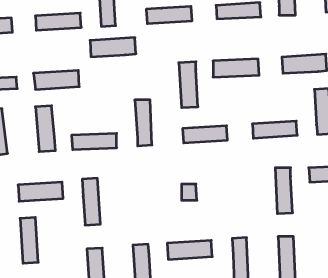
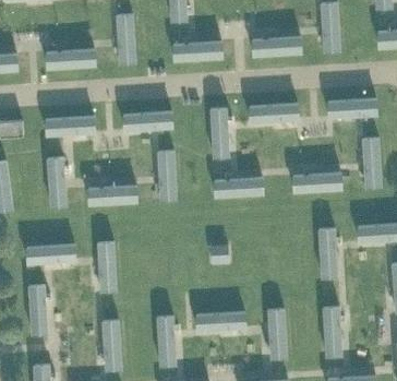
building: [90,38,136,57] -> [121,109,173,131]

